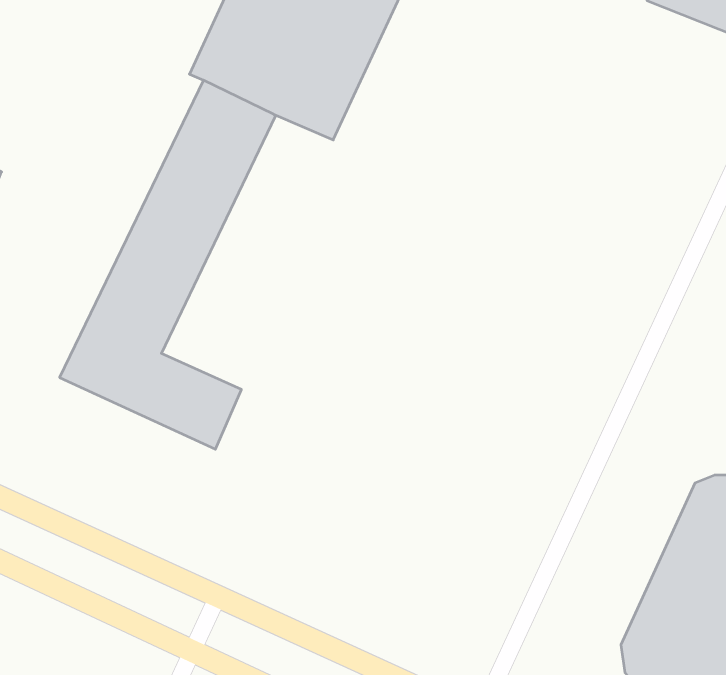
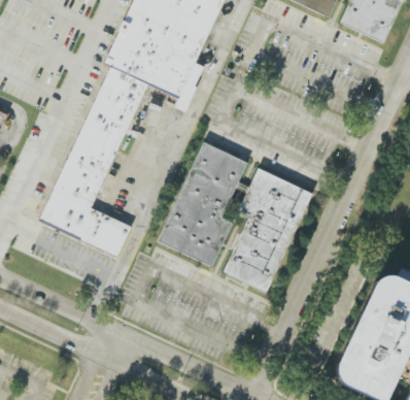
building: none -> [161,143,247,266]
building: none -> [225,169,312,293]

